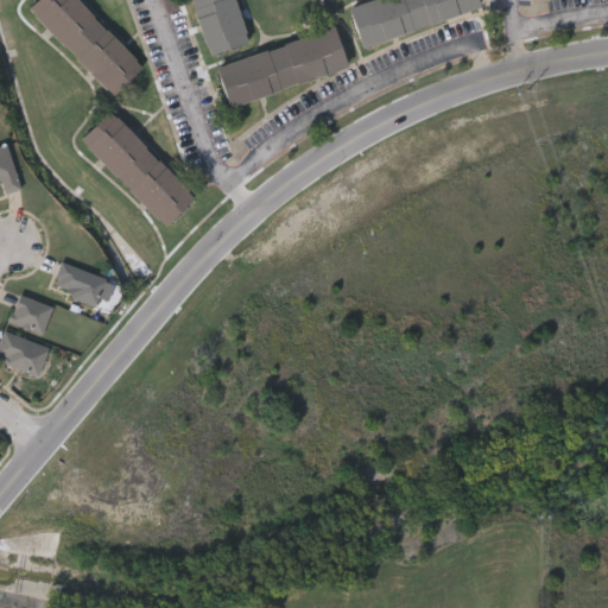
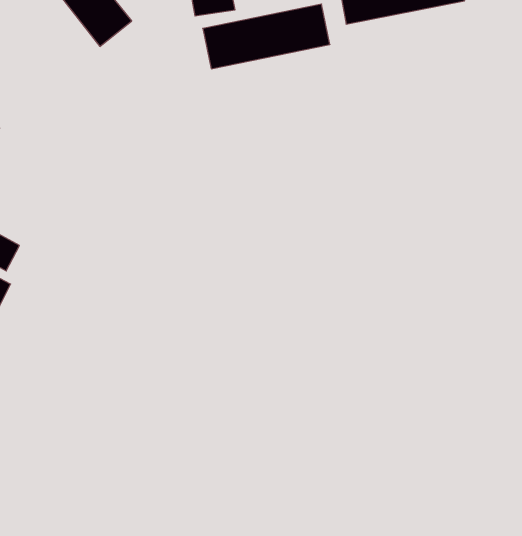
building: [81,109,195,226] -> none
building: [52,262,104,304] -> none

